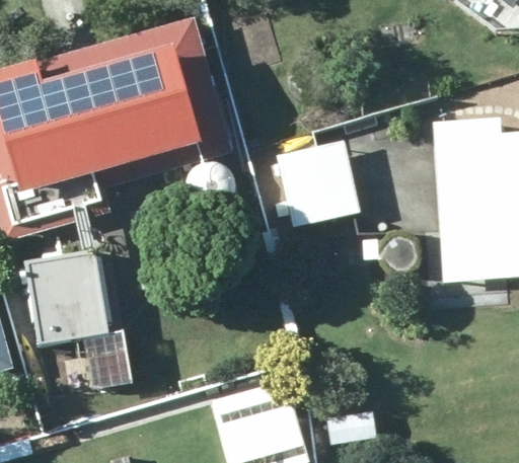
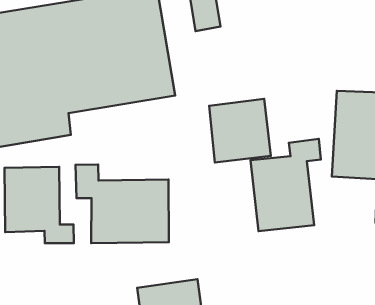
building: none -> [250,139,321,231]
building: none -> [76,165,169,243]

